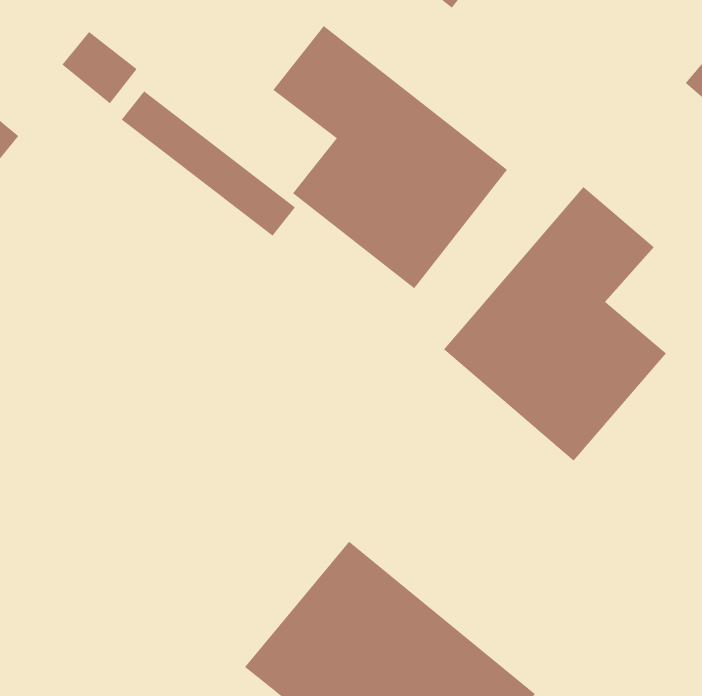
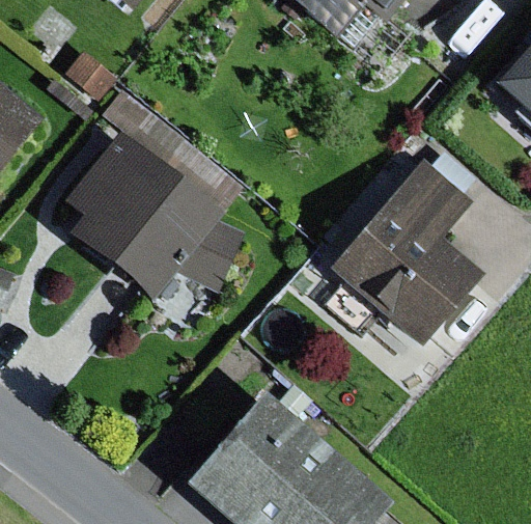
building: [272,25,508,289] -> none
building: none -> [63,134,243,301]

